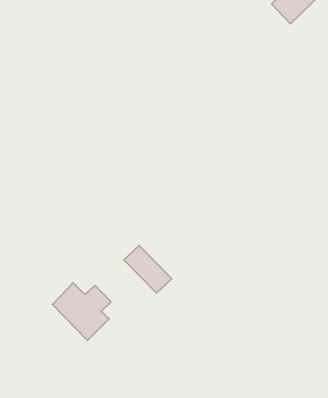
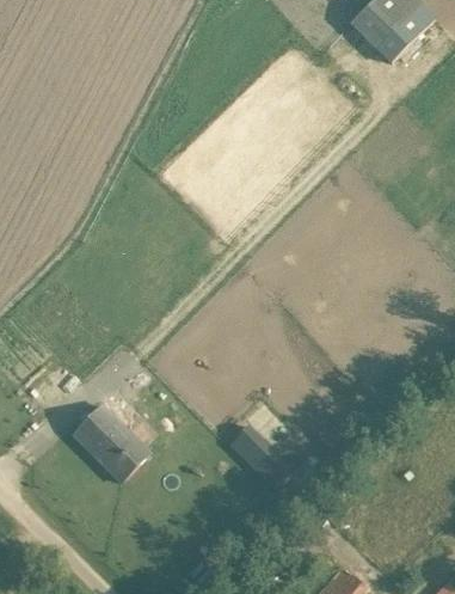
building: [124,245,172,293] -> [227,422,290,485]

